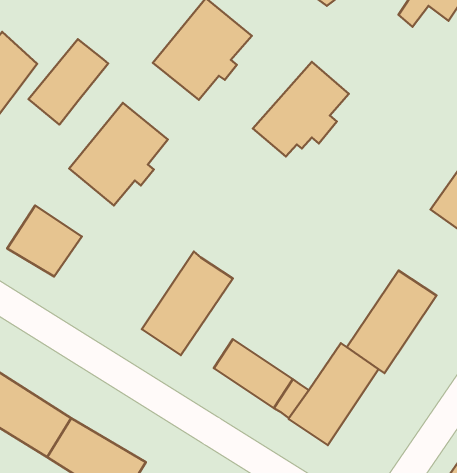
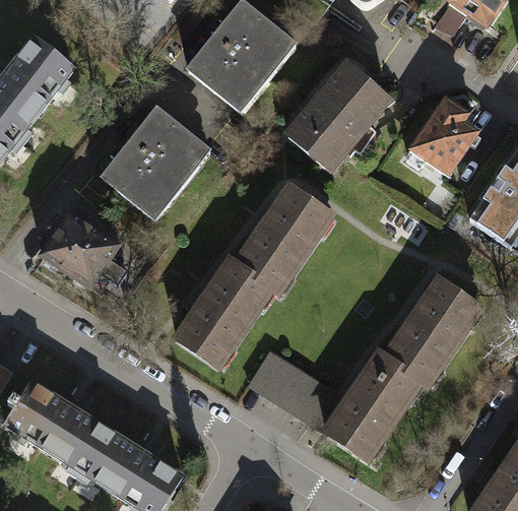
building: [29,39,108,124] -> none
building: none -> [408,101,476,174]
building: none -> [238,186,330,292]

